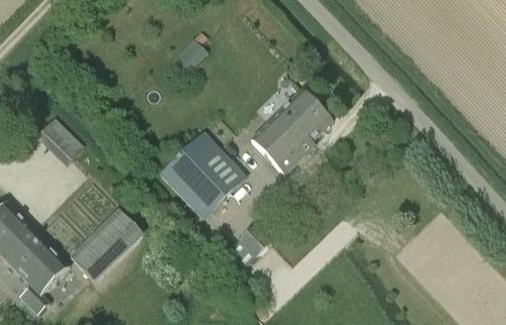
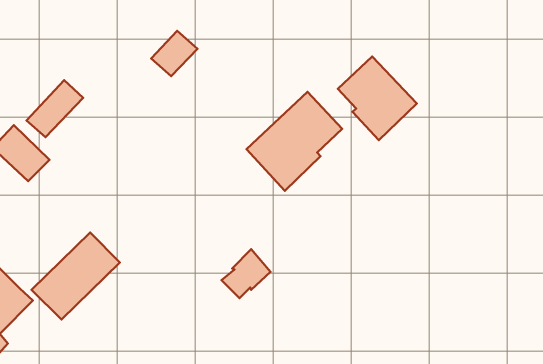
building: none -> [338,56,417,140]
building: none -> [27,80,83,137]
building: [159,130,248,219] -> none

